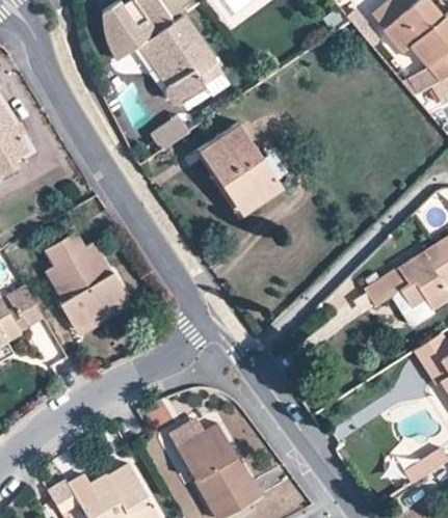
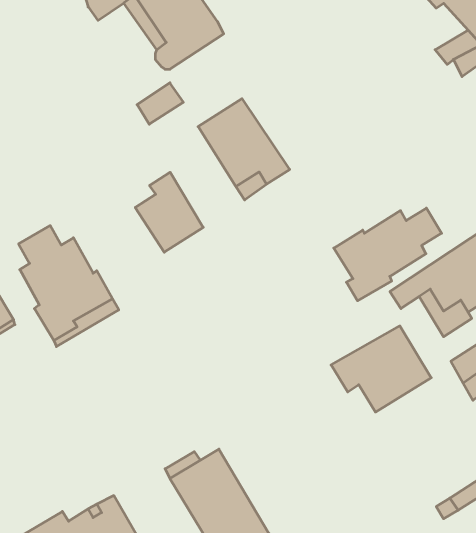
building: none -> [135,172,203,252]
building: none -> [334,208,442,301]
building: none -> [331,326,431,412]

